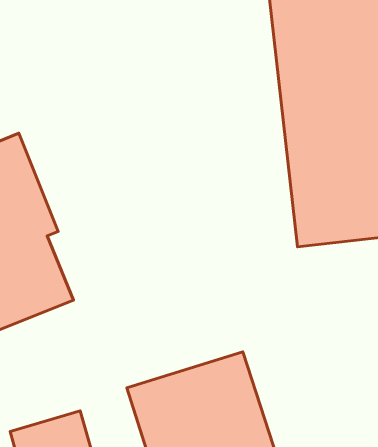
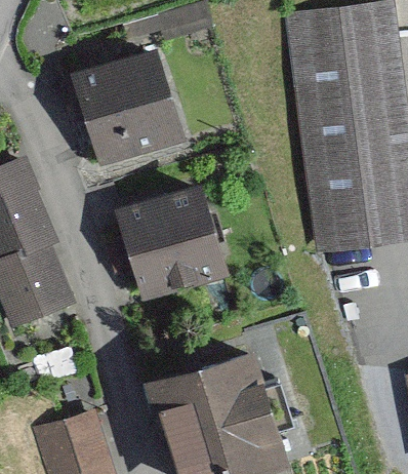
building: none -> [78,44,209,167]
building: none -> [117,186,229,297]

